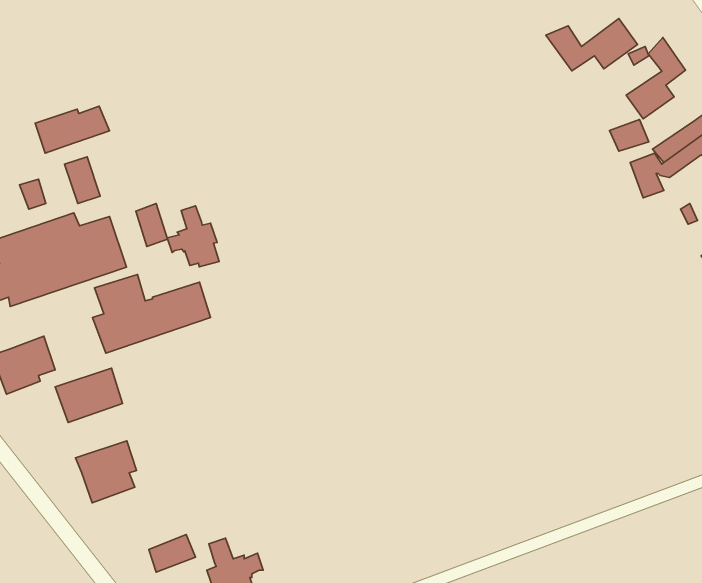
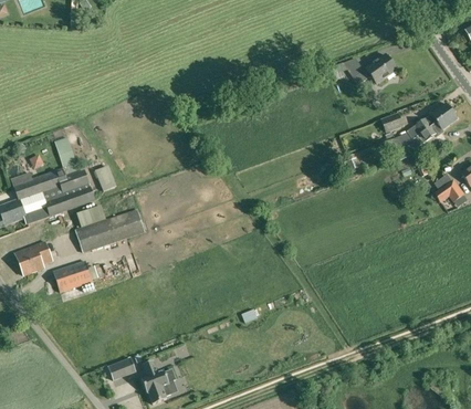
building: [626,37,686,119] -> none
building: [35,106,110,153] -> none
building: [167,206,219,267] -> none
building: [76,441,136,503] -> none

